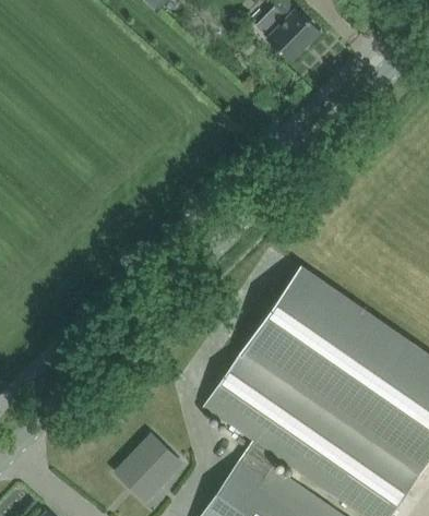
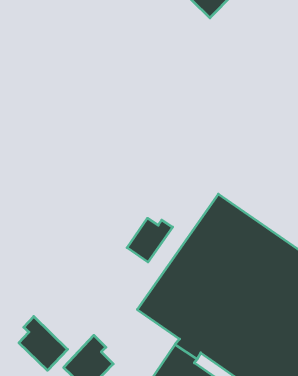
building: none -> [127,218,173,262]
building: none -> [19,316,68,370]

